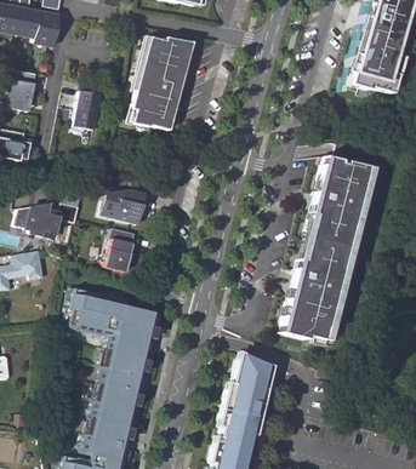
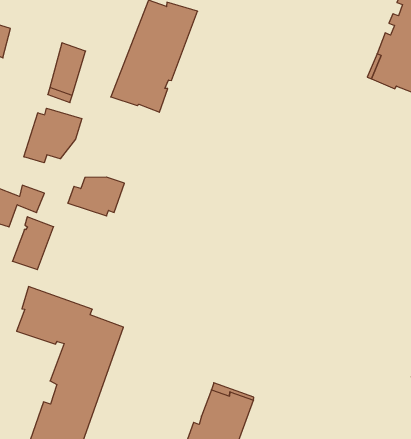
building: none -> [24,108,82,163]
building: [283,155,371,339] -> none
building: [107,228,138,271] -> [12,217,54,270]

